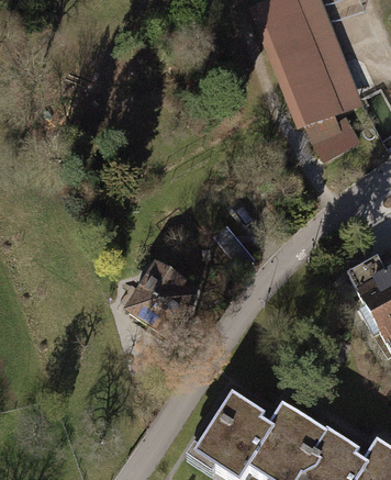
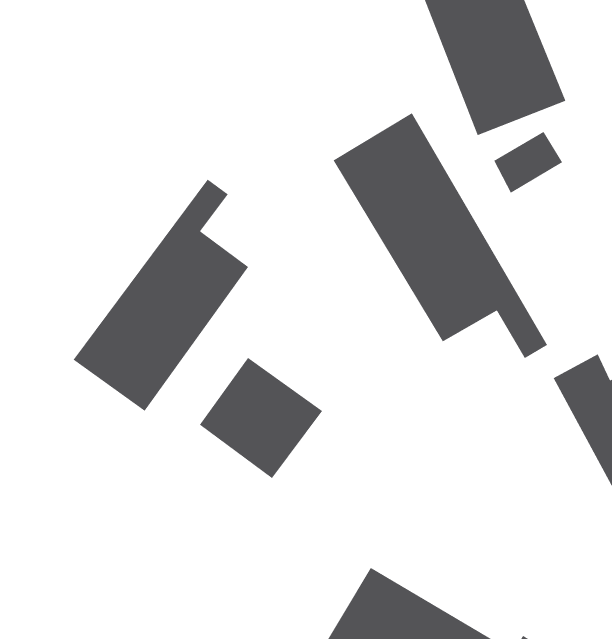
building: none -> [333,112,548,359]
building: none -> [73,179,249,412]

